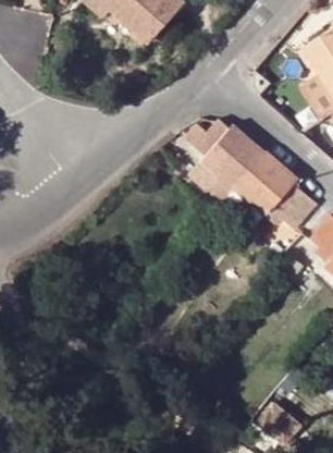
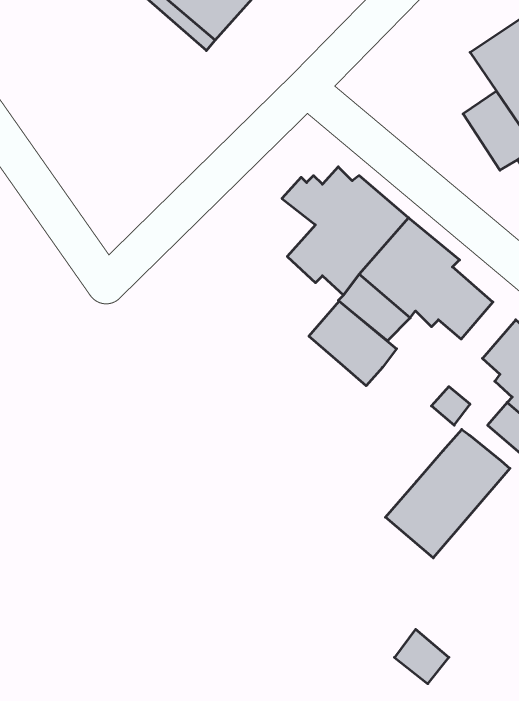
building: none -> [309,301,397,386]
building: none -> [385,429,510,558]

